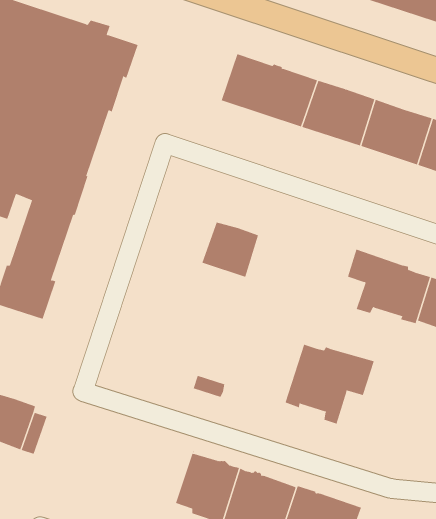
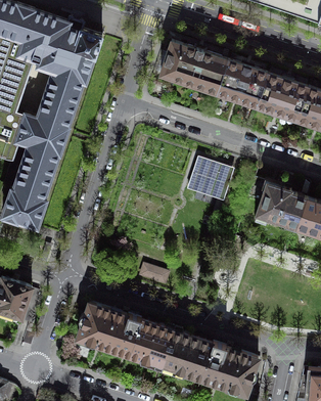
building: [202,222,259,278] -> [187,157,227,195]
building: [285,344,374,425] -> none
building: none -> [63,302,140,354]

